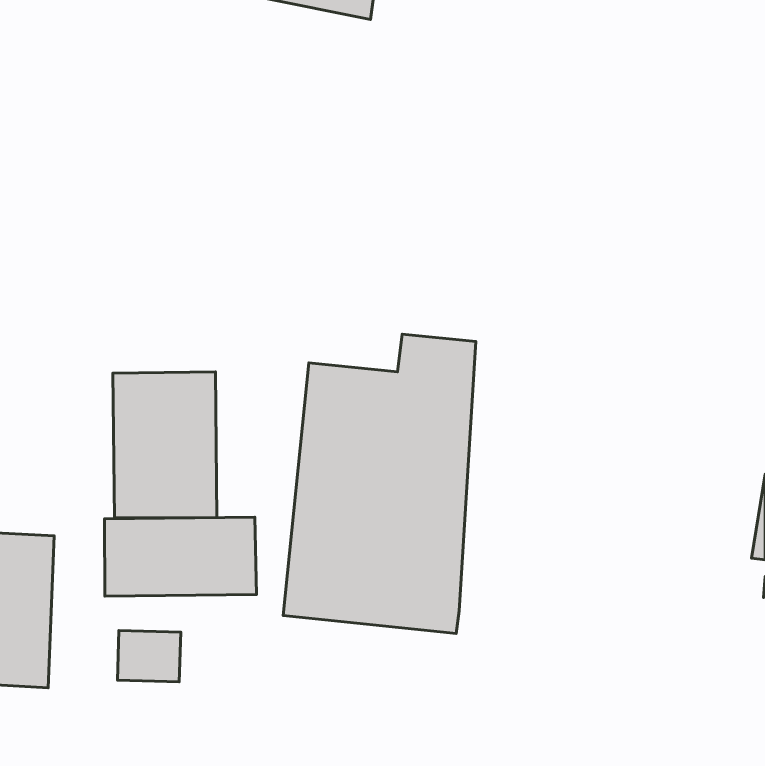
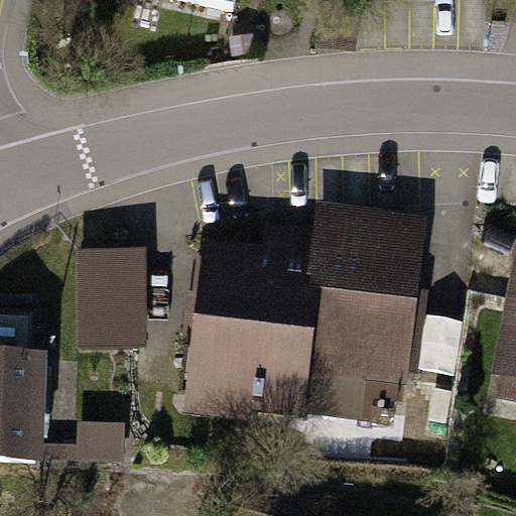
building: none -> [307,208,429,416]
building: [105,517,257,596] -> none

